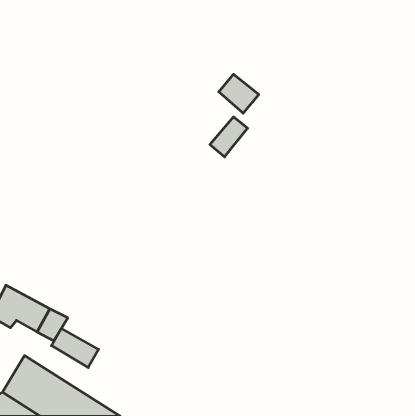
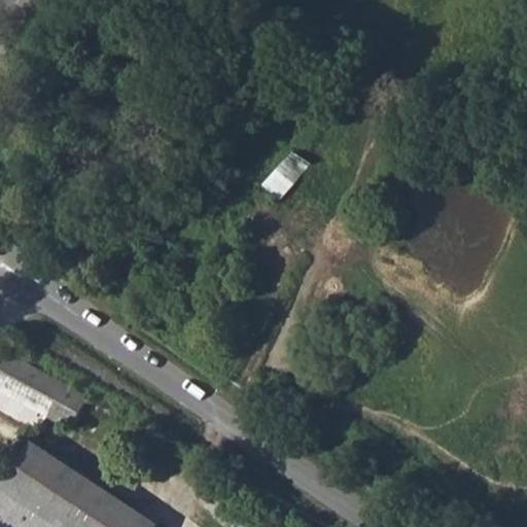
building: [219,74,259,113] -> none
building: [51,329,99,368] -> none

